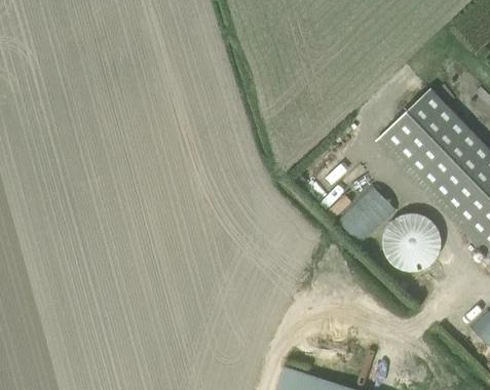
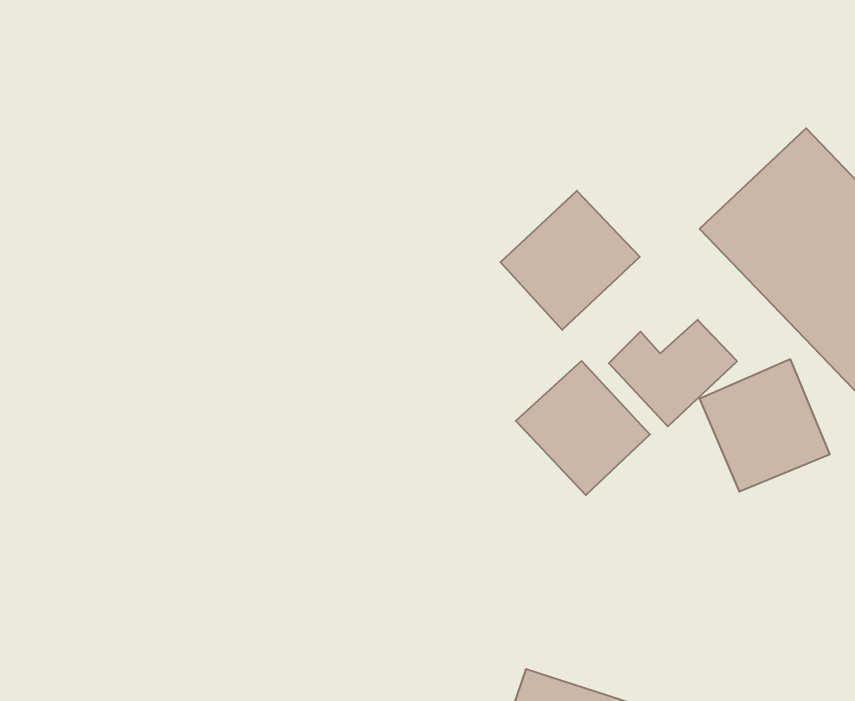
building: none -> [500,191,640,330]
building: none -> [516,361,650,495]

